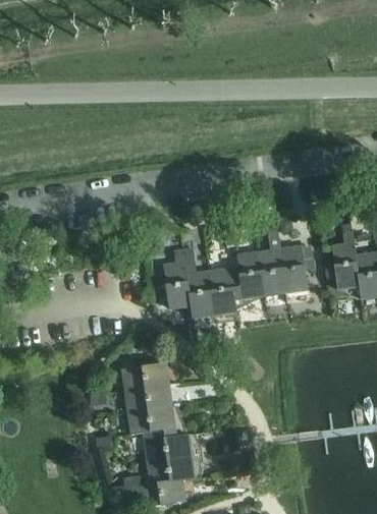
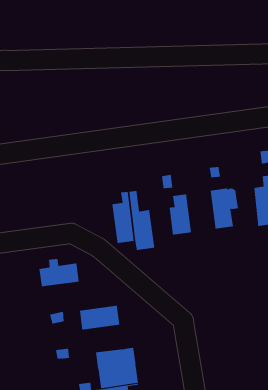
building: [253,234,286,297] -> none
building: [209,268,236,316] -> none
building: [121,356,170,390] -> [39,259,80,287]
building: [127,407,177,440] -> none

